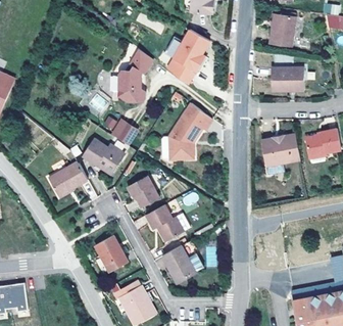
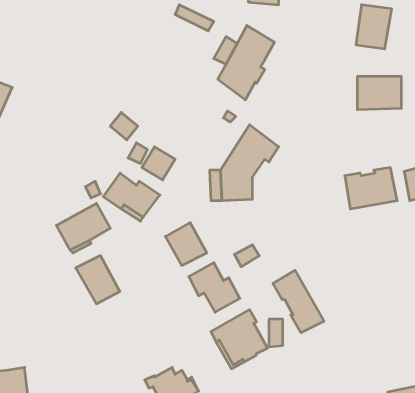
building: [111,51,153,100] -> none
building: none -> [273,270,324,333]
building: [95,235,128,271] -> [76,256,120,304]

